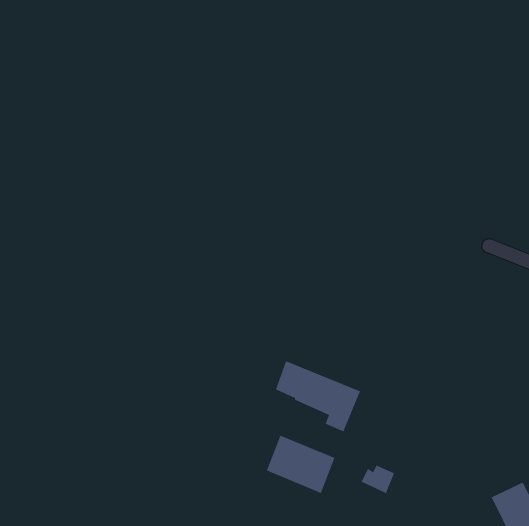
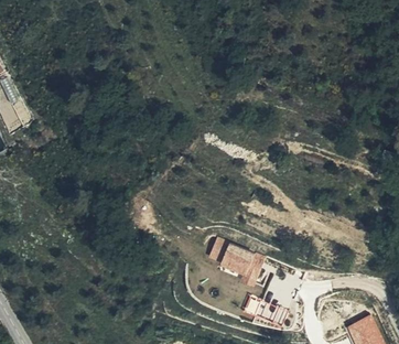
building: [266,435,335,494] -> none

